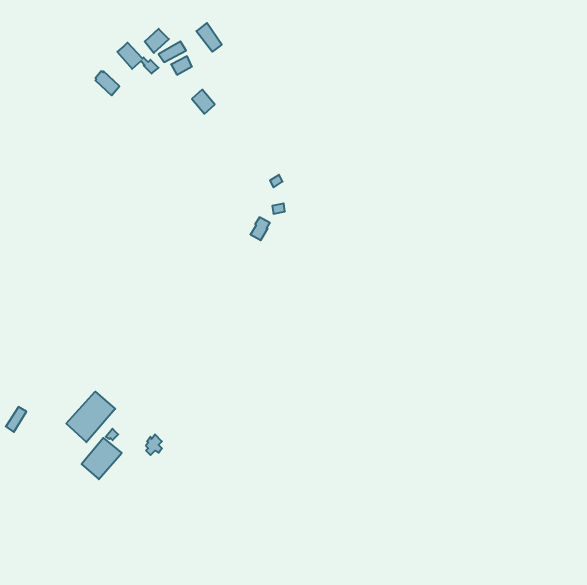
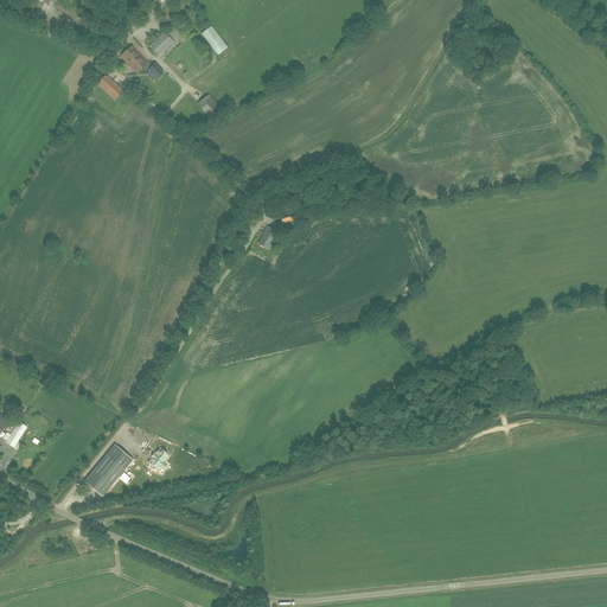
building: [66,392,115,442] -> none

